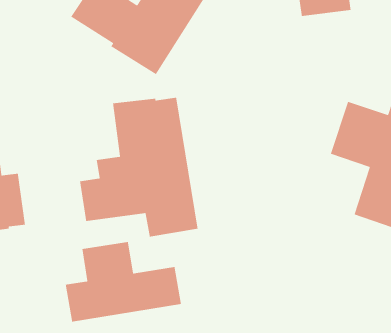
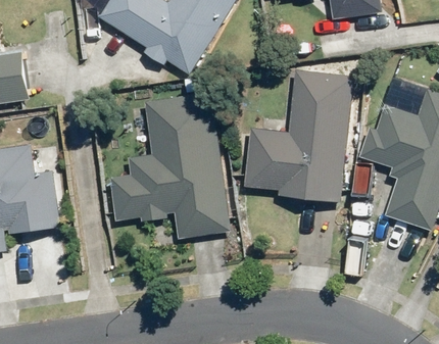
building: none -> [243,76,350,201]
building: [65,241,182,322] -> none

